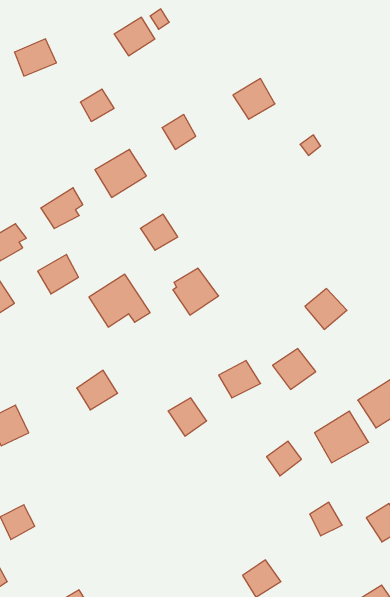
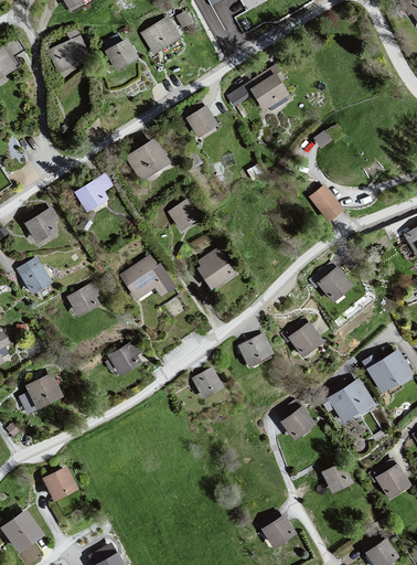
building: [80,89,114,121] -> [107,39,138,68]
building: none -> [309,185,345,221]
building: [38,254,78,294] -> [66,280,104,317]

